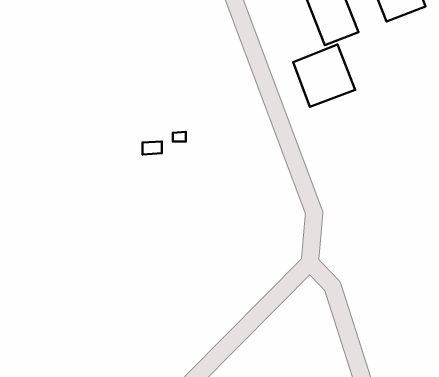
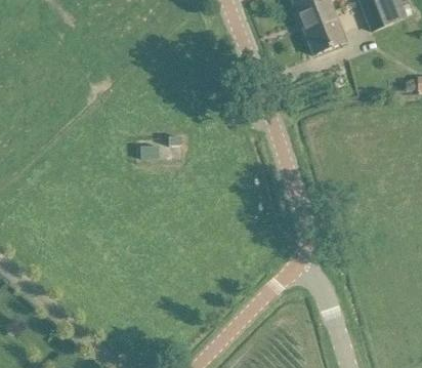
building: [293,45,355,107] -> none

